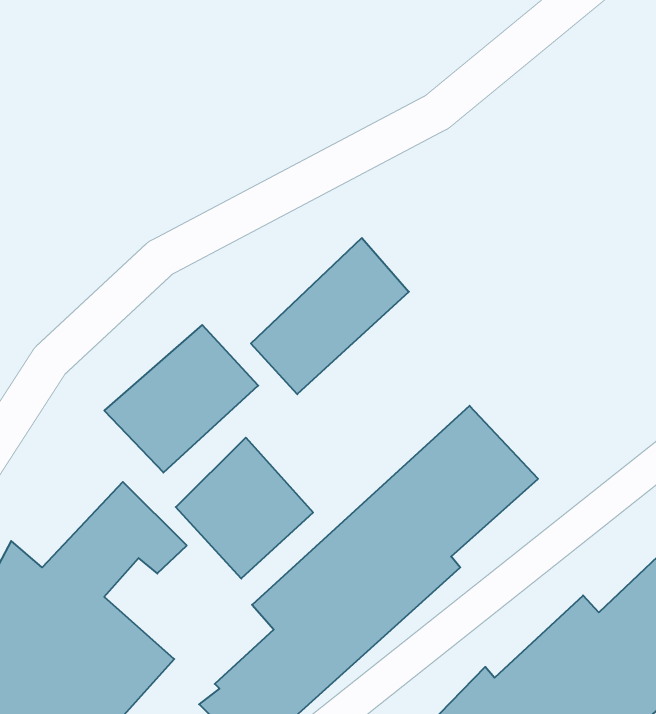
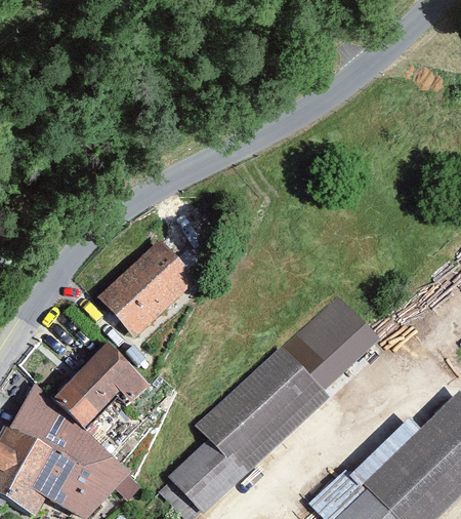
building: [251,238,409,394] -> none
building: [176,438,313,579] -> none

